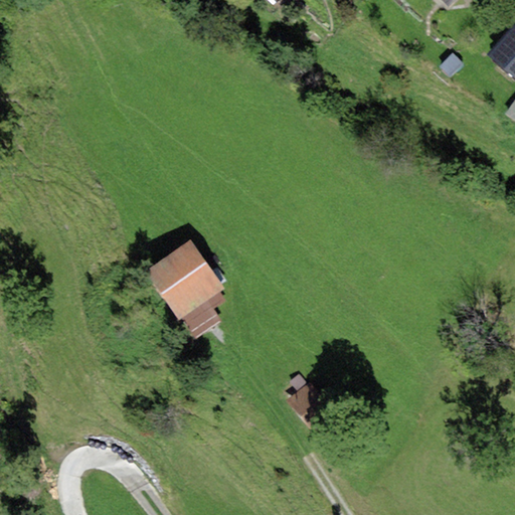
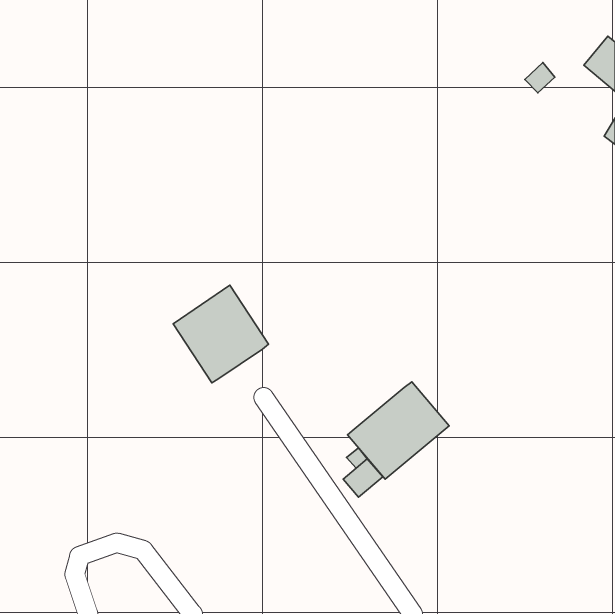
building: [182,292,224,338] -> none
building: none -> [348,382,449,479]

